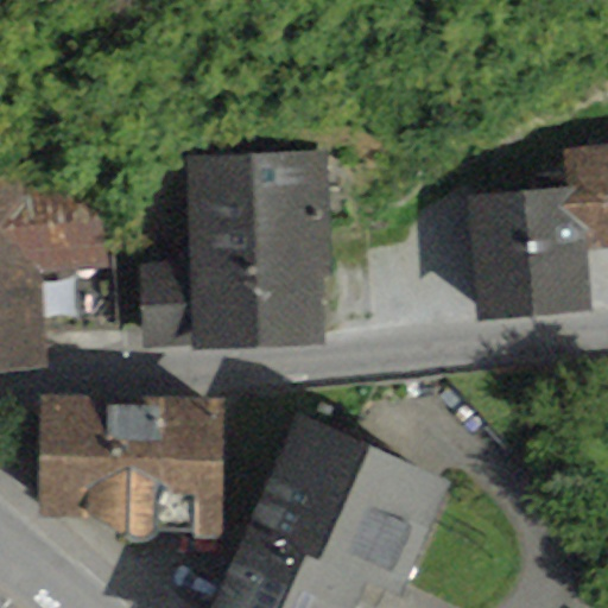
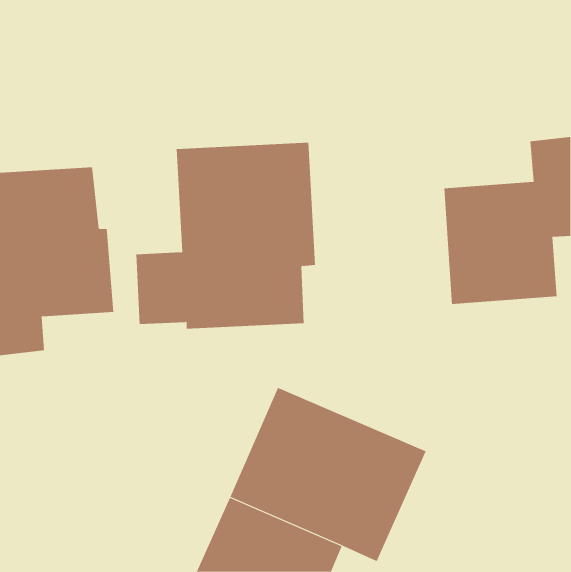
building: [39,399,224,550] -> none

